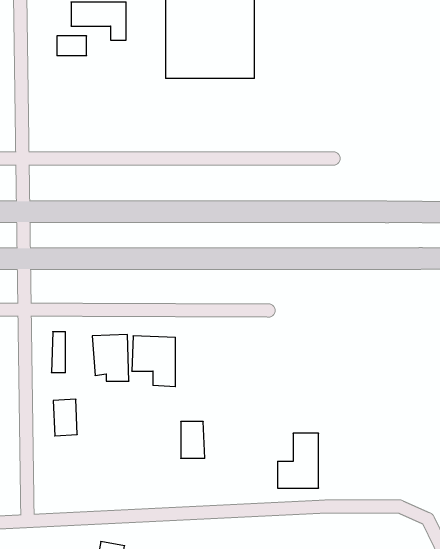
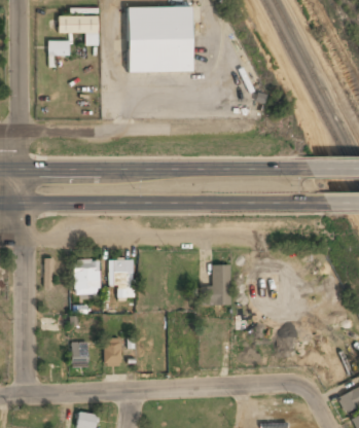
building: [53,399,77,436] -> [72,341,89,367]
building: [181,422,205,458] -> [105,337,122,364]
building: [278,433,319,488] -> [202,264,231,305]

